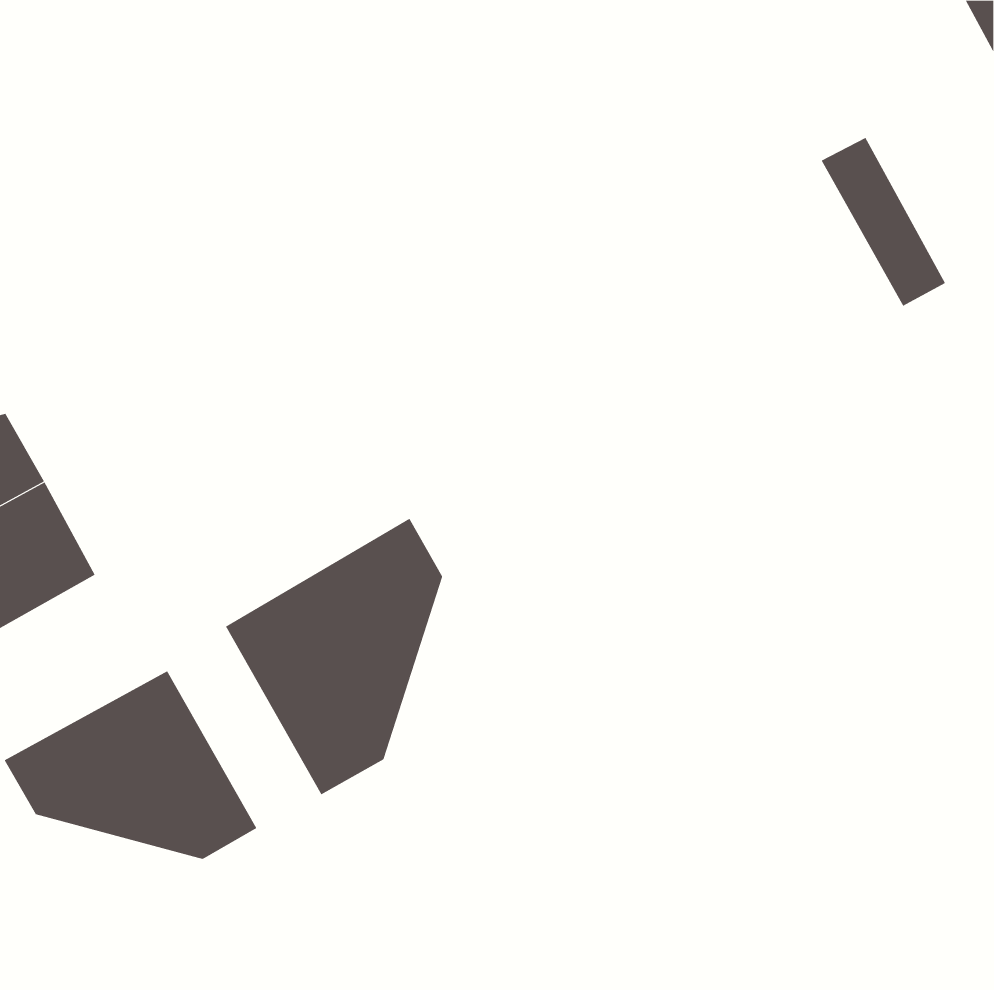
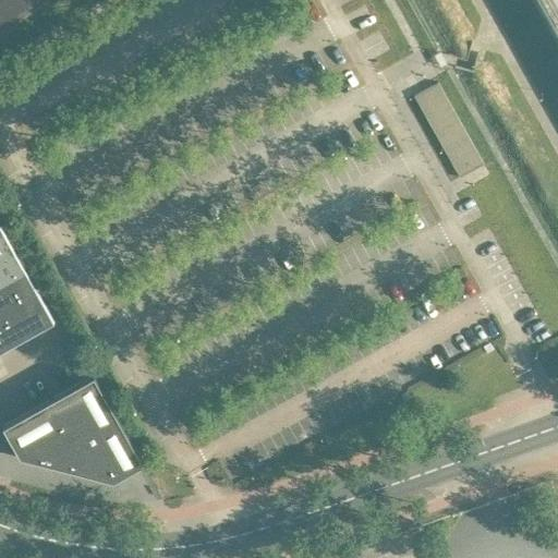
building: [821,137,946,307] -> [413,85,483,180]
building: [225,518,443,795] -> none

